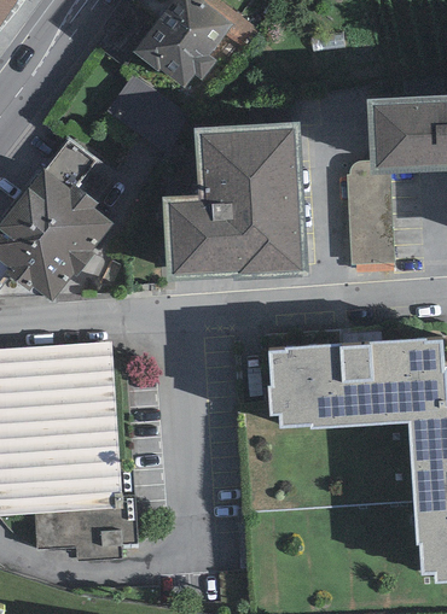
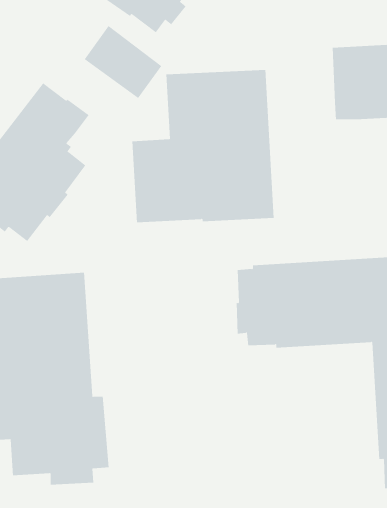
building: [346,159,395,264] -> none

